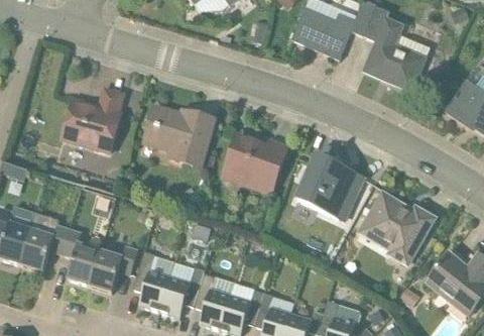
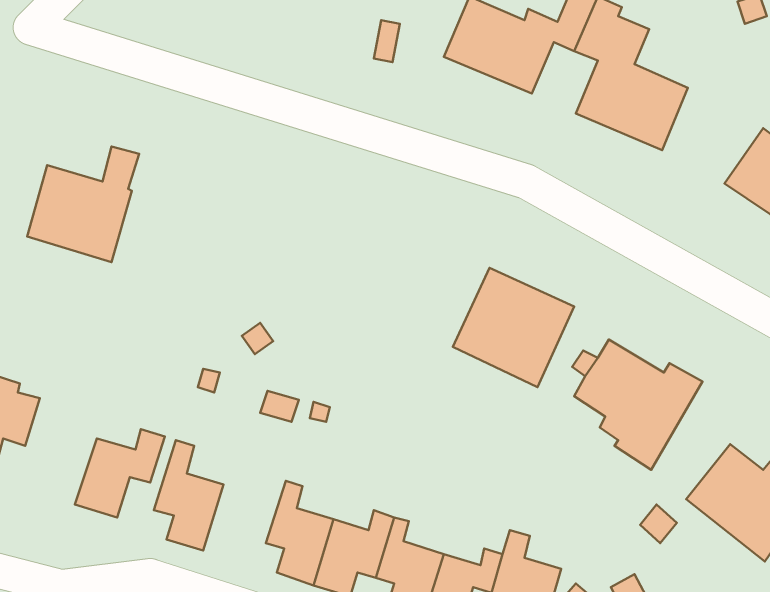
building: [144,105,214,167] -> none
building: [223,134,287,195] -> none
building: [62,226,101,285] -> none
building: [159,264,205,317] -> none

